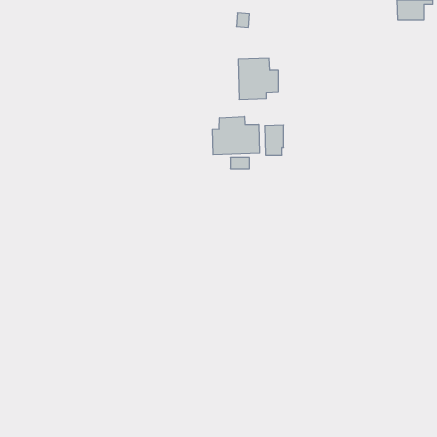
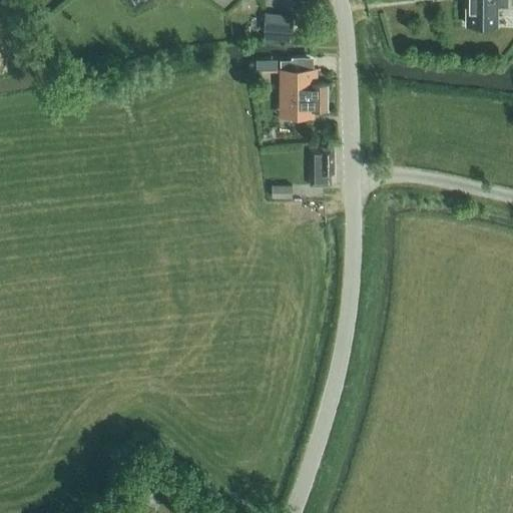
building: [212,116,260,155] -> none

